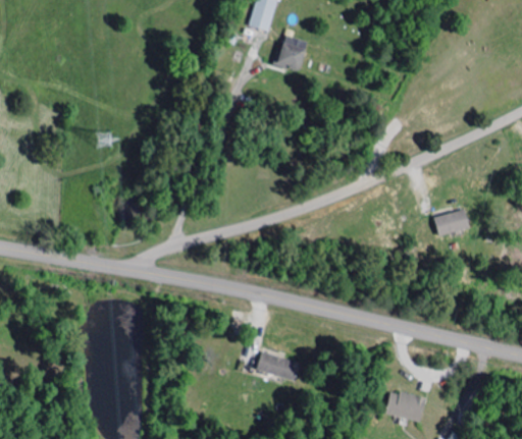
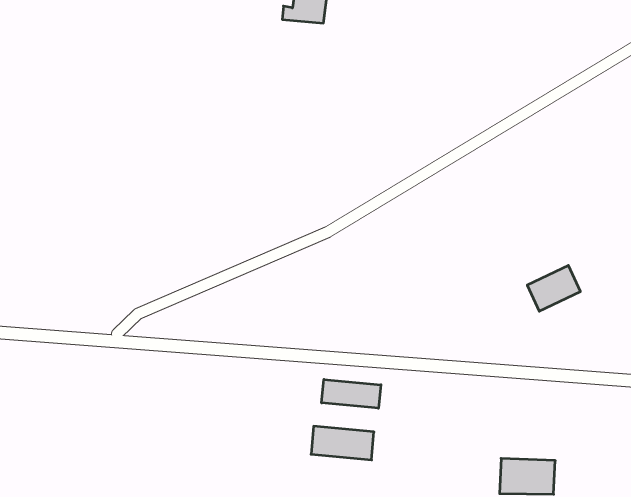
building: [434,207,471,236] -> [527,265,580,311]
building: none -> [322,379,381,408]

